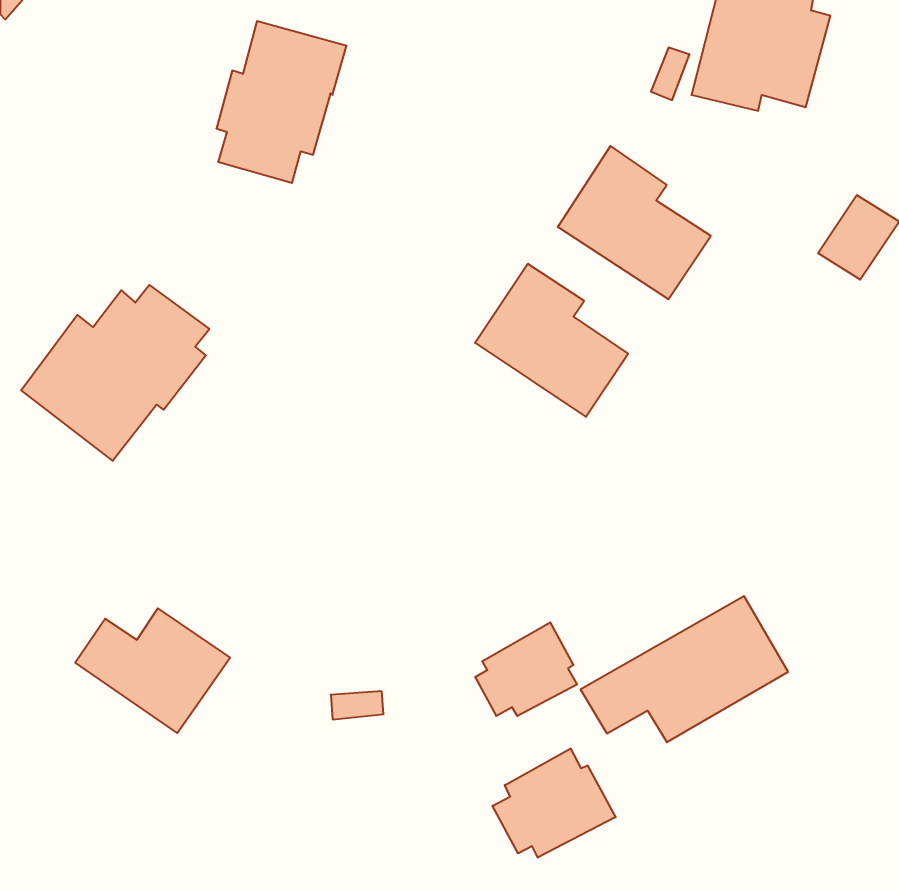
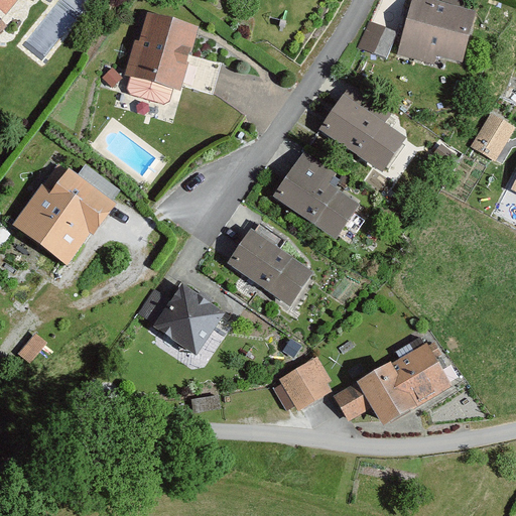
building: none -> [226,224,313,305]
building: [75,608,230,733] -> [136,282,225,354]
building: [492,749,616,858] -> none

